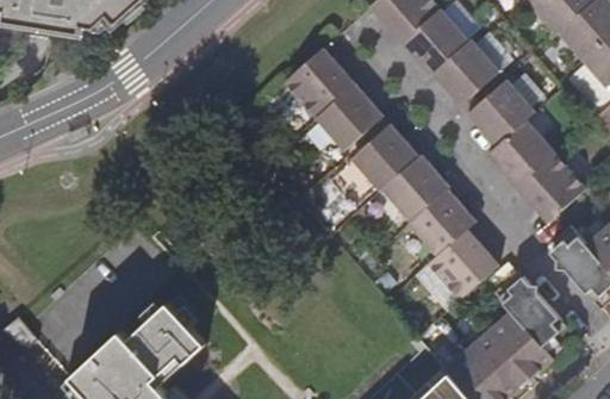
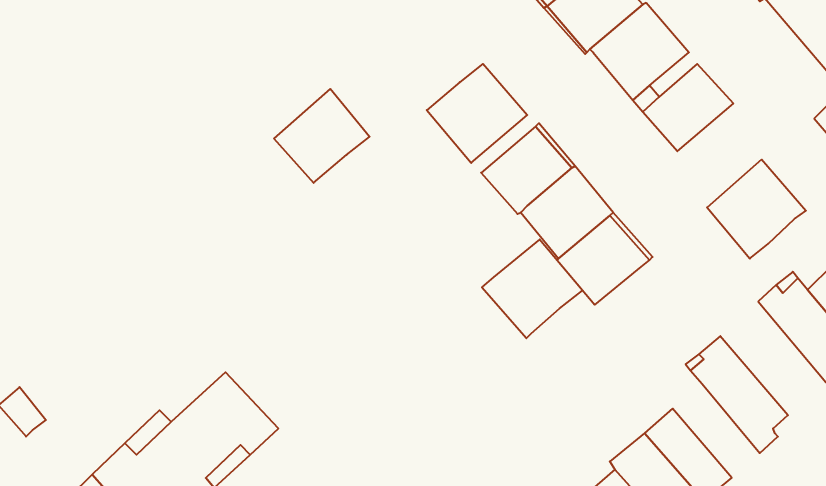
building: [284,45,353,113] -> [274,89,370,183]
building: [486,108,554,183] -> none
building: [425,226,498,298] -> [482,239,582,338]
building: [490,311,553,379] -> none

